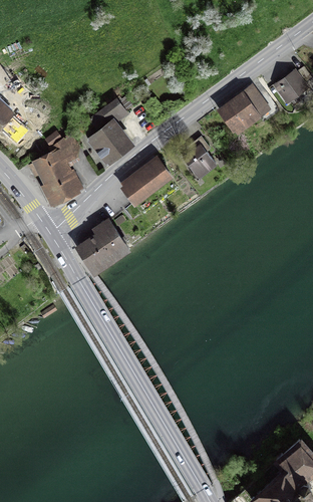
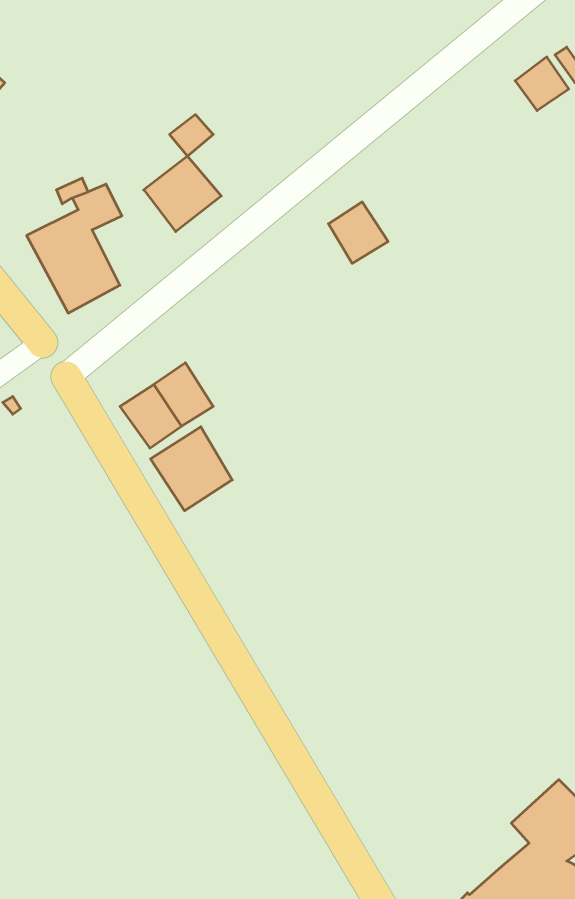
building: [221,88,271,133] -> none
building: [122,161,169,202] -> none
building: none -> [151,427,232,511]

